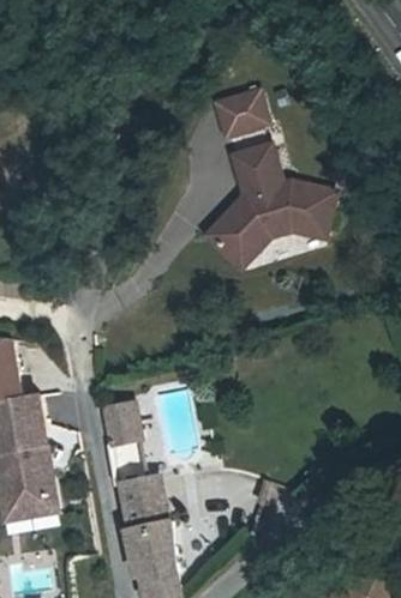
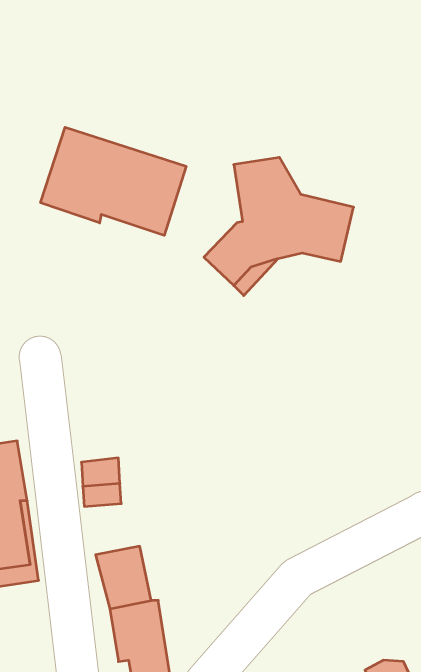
building: [205,85,267,143] -> none
building: none -> [41,127,186,235]

